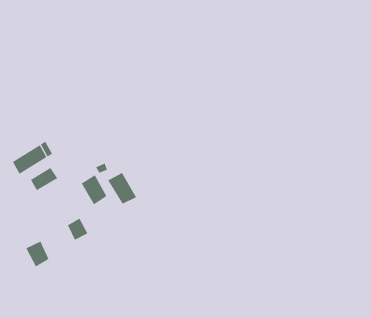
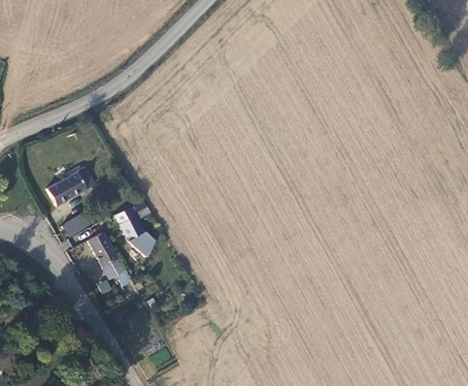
building: [107,172,137,205] -> none
building: [26,241,49,267] -> [92,238,119,268]

